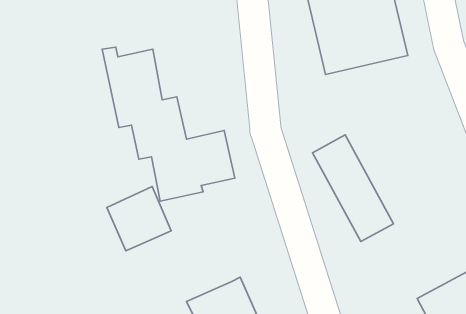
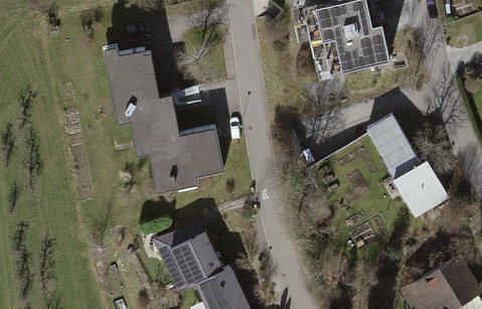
building: [313,135,394,242] -> [364,117,442,218]
building: [107,186,171,251] -> [164,227,225,289]

